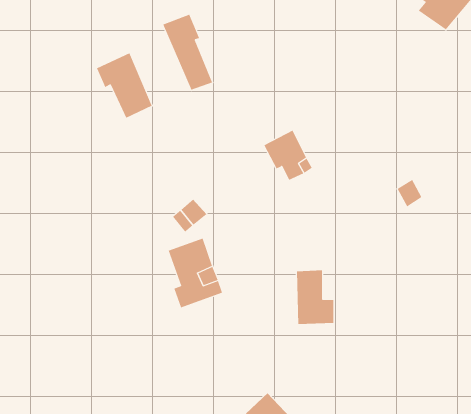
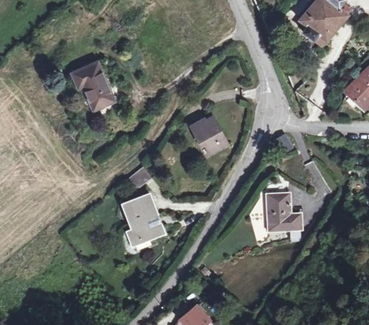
building: [162,14,213,91] -> none
building: [296,270,334,325] -> [269,191,296,230]

